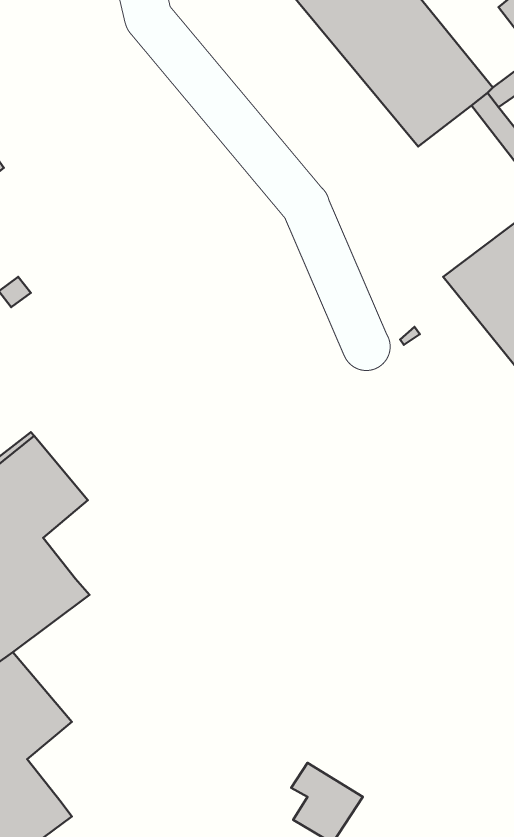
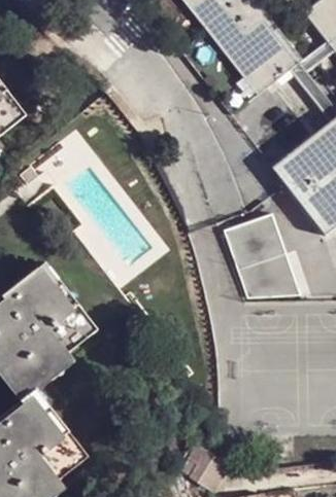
building: none -> [223,220,292,301]
building: none -> [43,294,93,342]
building: none -> [34,421,82,470]

